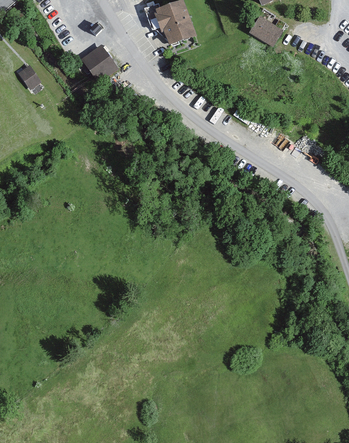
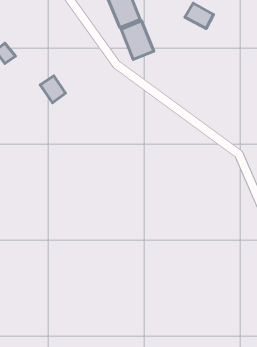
building: none -> [121,21,154,59]
building: [84,47,115,80] -> [40,76,65,103]

